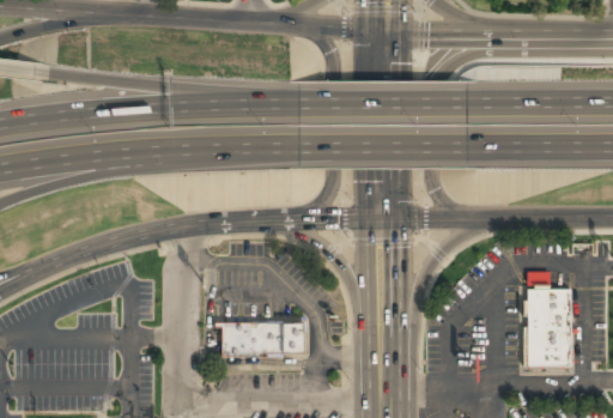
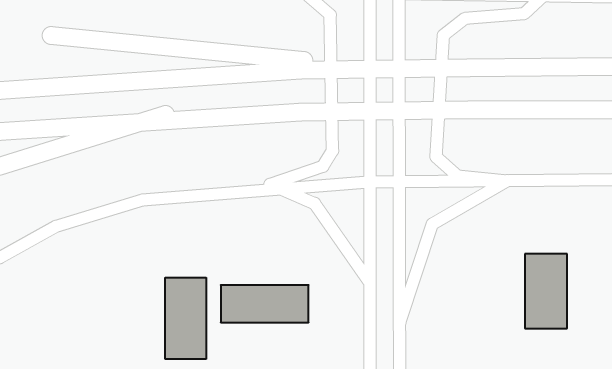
building: none -> [165,278,206,359]

